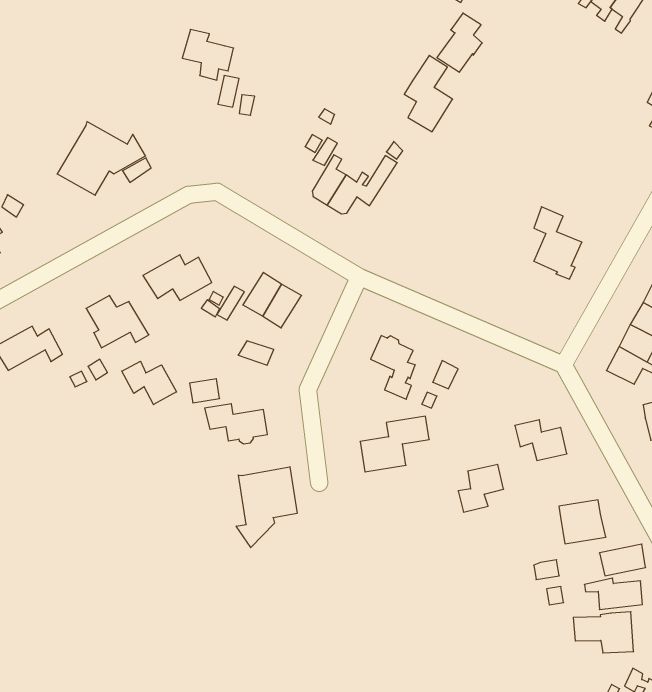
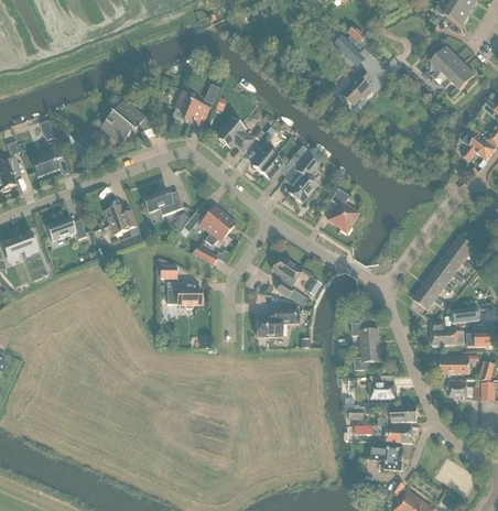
building: [182,29,234,80] -> [175,91,207,124]
building: [404,55,453,132] -> [289,156,317,203]
building: none -> [217,119,251,150]
building: [534,207,582,279] -> [327,187,358,233]
building: [122,361,177,405] -> none
building: [458,464,504,512] -> [354,345,381,370]
building: [236,467,297,548] -> none

